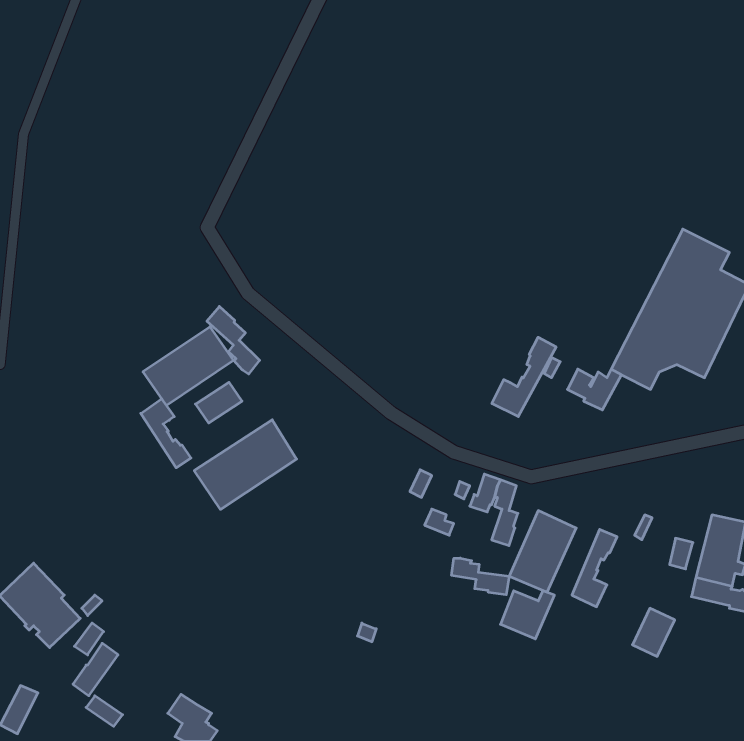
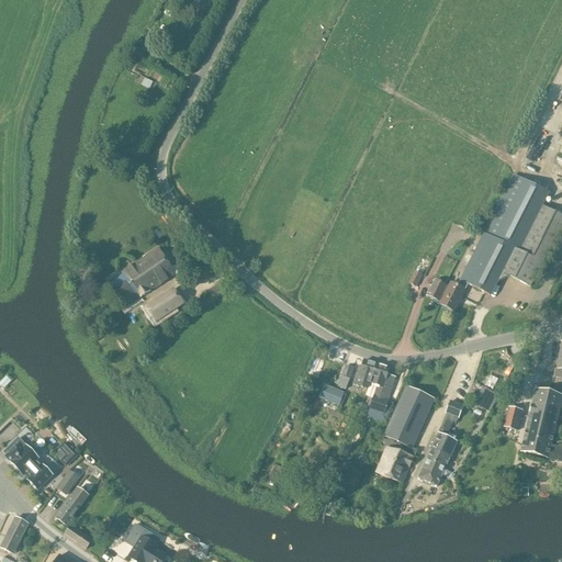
building: [207,306,260,374] -> none
building: [492,337,556,417] -> none
building: [141,399,191,468] -> none
building: [194,420,297,509] -> none
building: [452,558,509,595] -> none
building: [632,608,675,656] -> [418,448,450,484]

